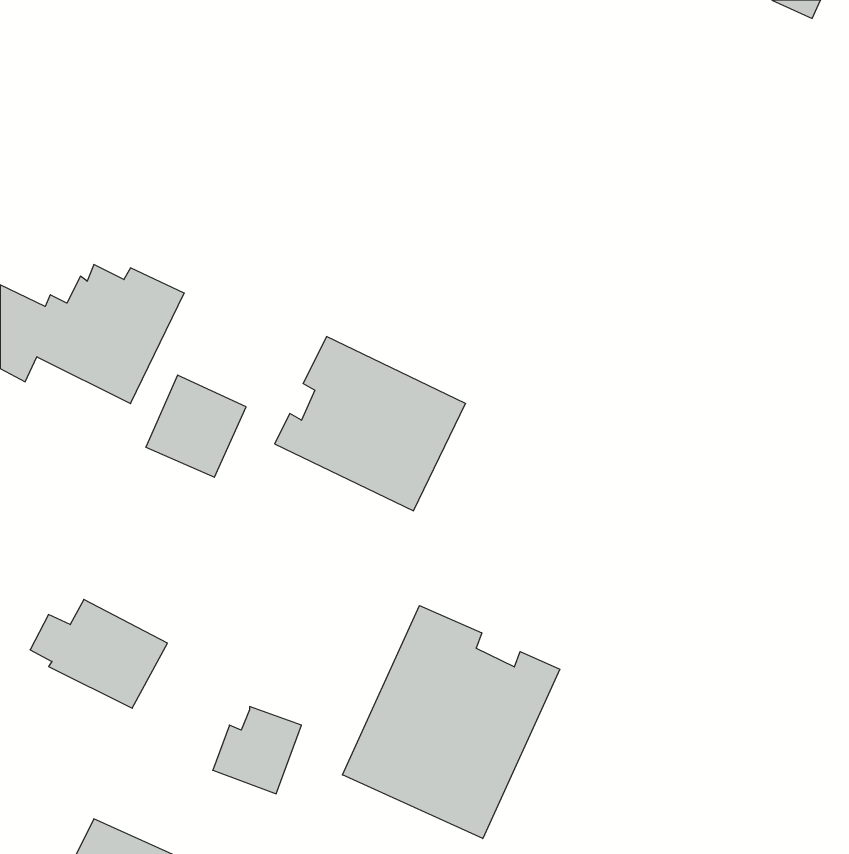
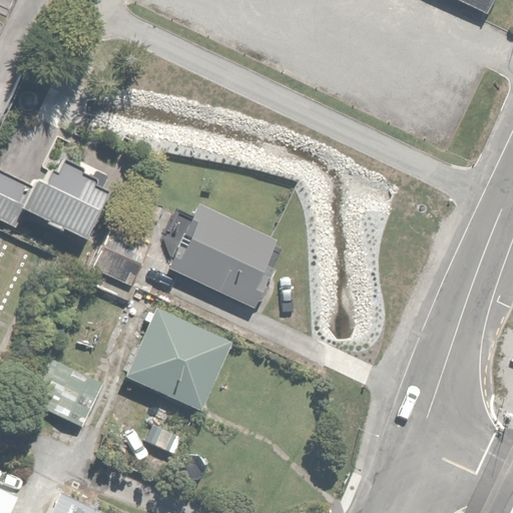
building: none -> [125,308,231,414]
building: [342,606,560,839] -> none

